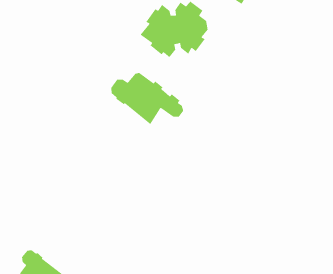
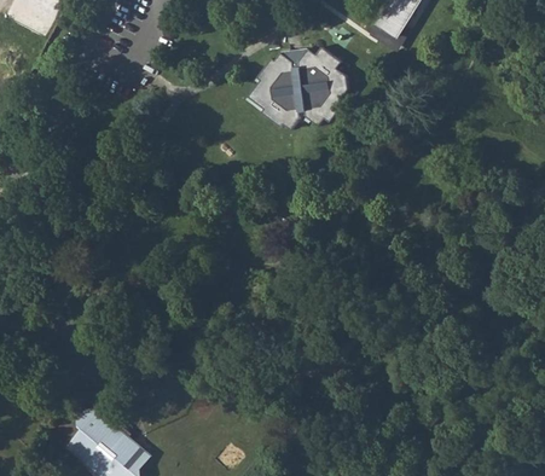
building: [110,72,184,125] -> none

